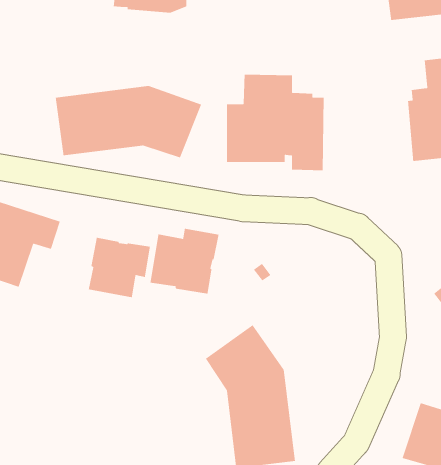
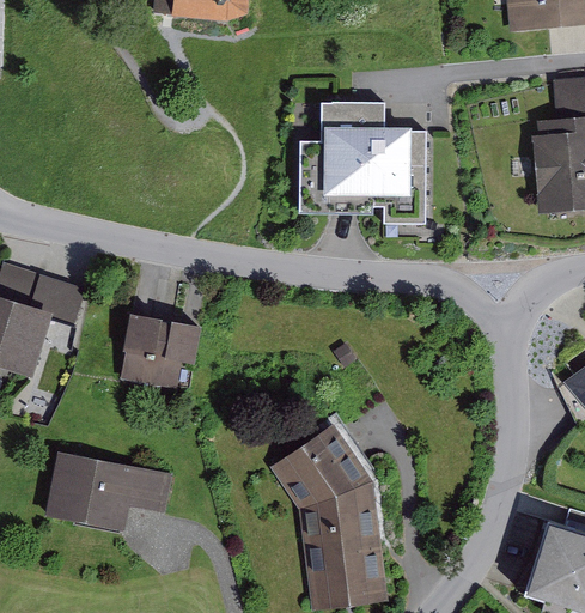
building: [55,85,202,159] -> none
building: [150,228,219,295] -> none
building: none -> [47,451,173,530]

